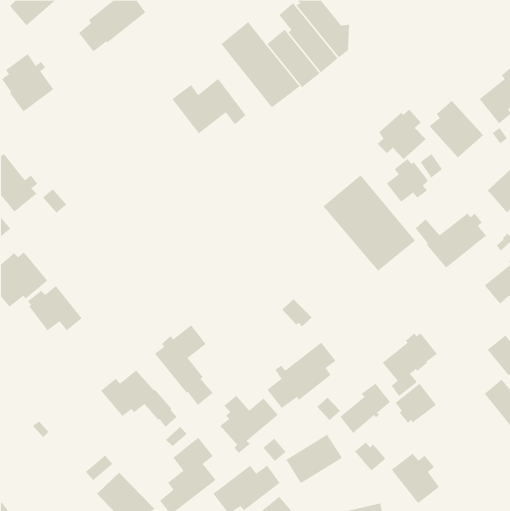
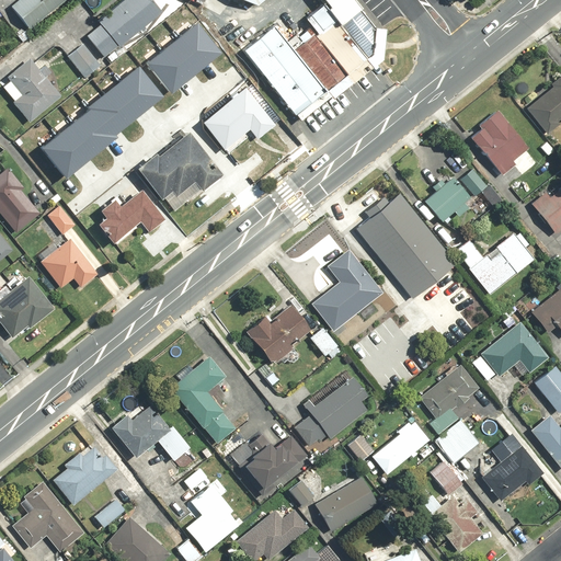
building: none -> [150,24,224,94]
building: none -> [68,44,100,73]
building: none -> [44,68,161,173]
building: [377,109,426,160] -> none
building: none -> [137,130,225,199]
building: none -> [99,190,165,245]
building: none -> [311,250,385,344]
building: none -> [248,306,311,367]
building: [27,285,82,331] -> [39,239,100,289]
building: none -> [472,321,550,381]
building: none -> [483,434,545,502]
building: none -> [54,446,118,505]
building: none -> [13,481,85,553]
building: [354,441,386,472] -> [431,462,466,495]

